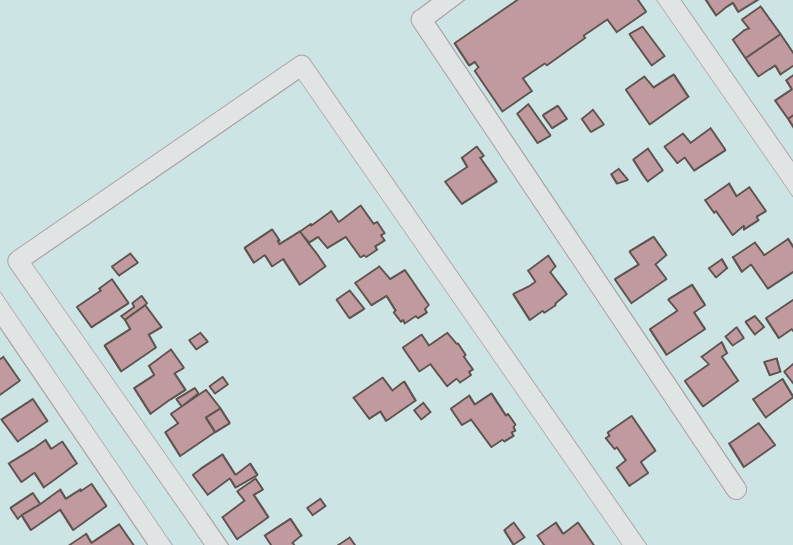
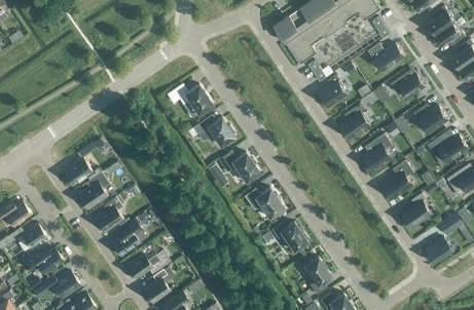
building: [445,147,497,204] -> [317,74,345,106]
building: [245,230,326,285] -> [166,83,211,114]
building: [513,256,567,320] -> [338,103,368,139]
building: [353,378,416,421] -> none
building: [606,416,655,486] -> [301,256,329,295]

